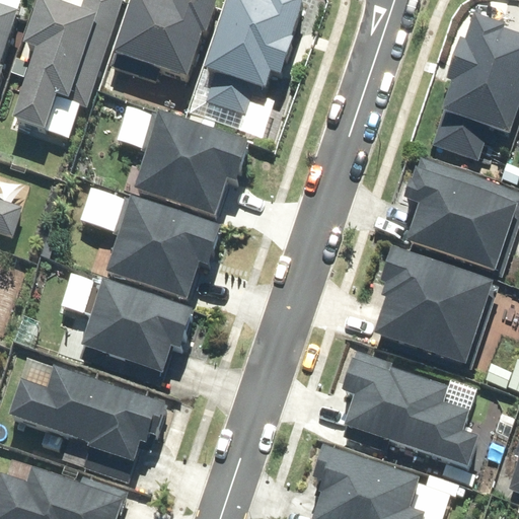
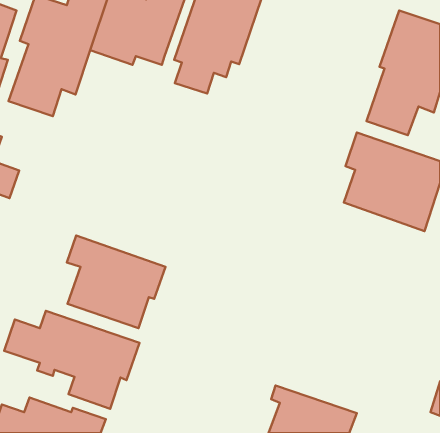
building: [130,110,248,215] -> none
building: [104,189,223,299] -> none
building: [374,246,493,364] -> none
building: [338,351,479,473] -> none

